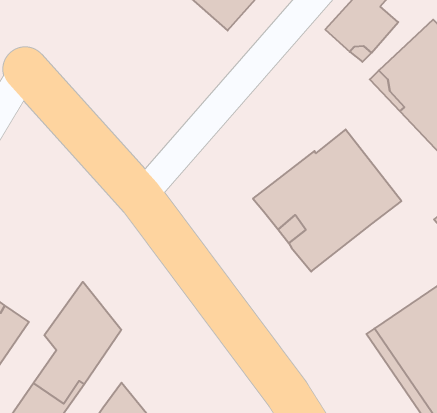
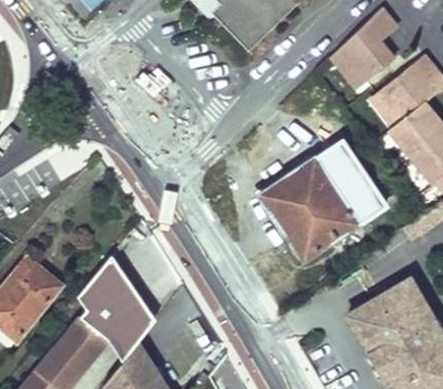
building: none -> [107,297,156,362]

